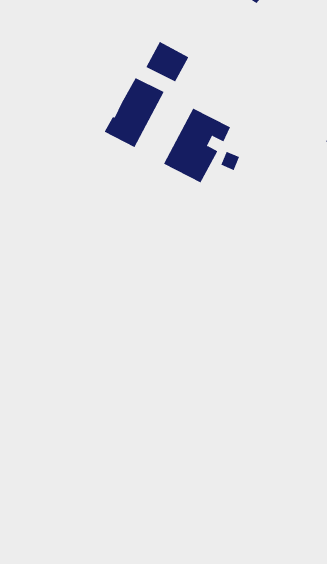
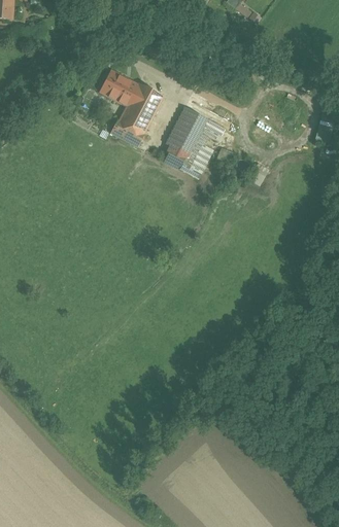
building: [146,41,189,82] -> [95,67,134,104]

